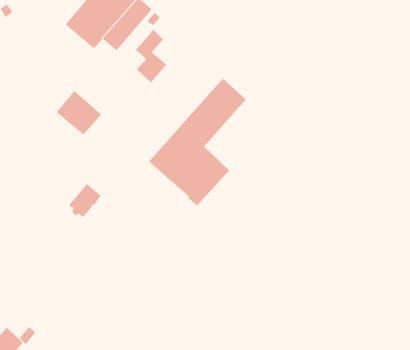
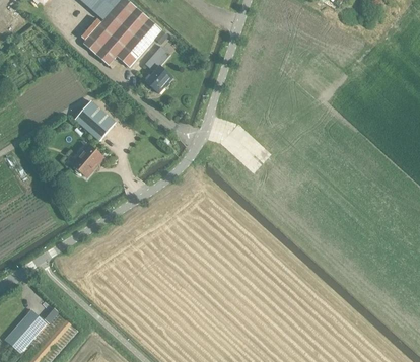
building: [148,78,247,206] -> none
building: [68,183,102,218] -> [72,145,101,175]

